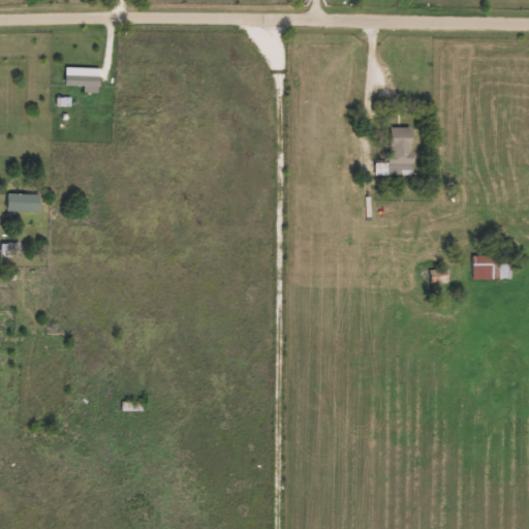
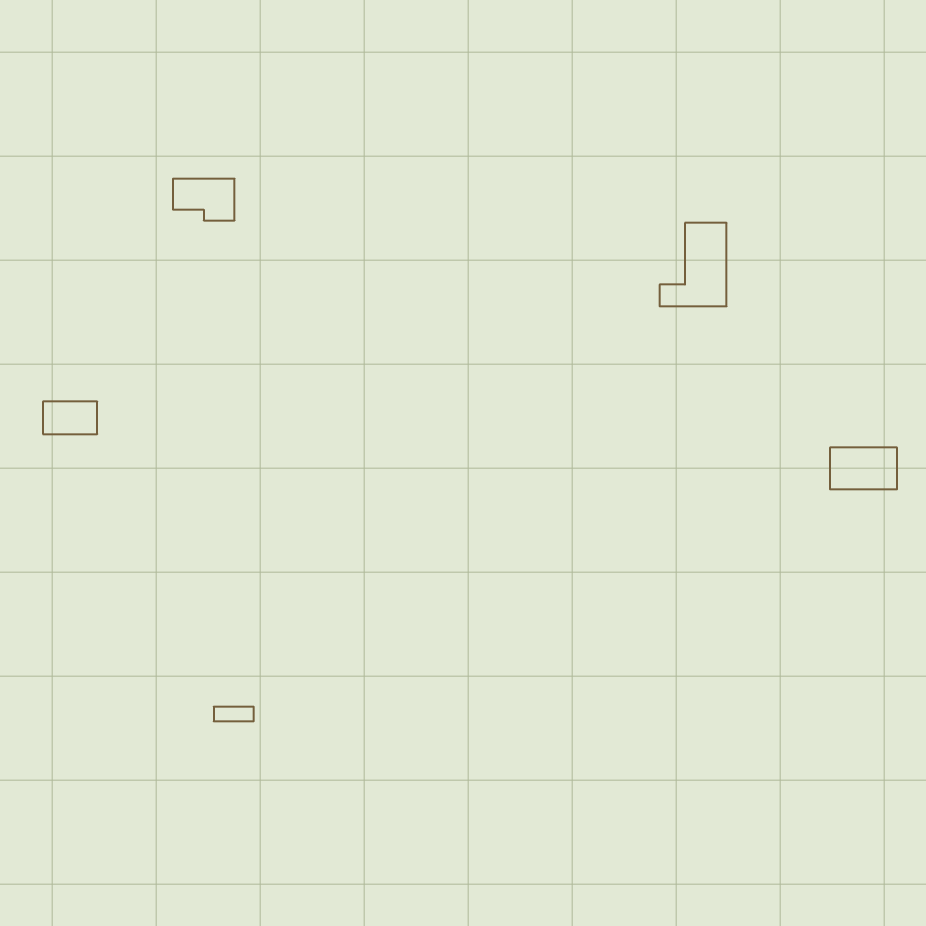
building: [66,68,101,92] -> [173,179,235,220]
building: [9,193,40,212] -> [43,402,97,434]

